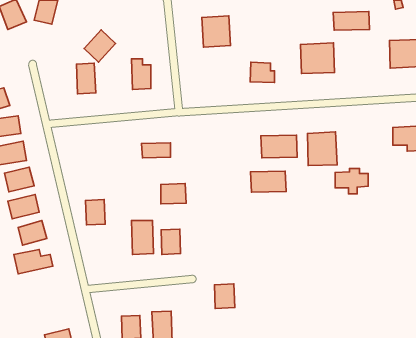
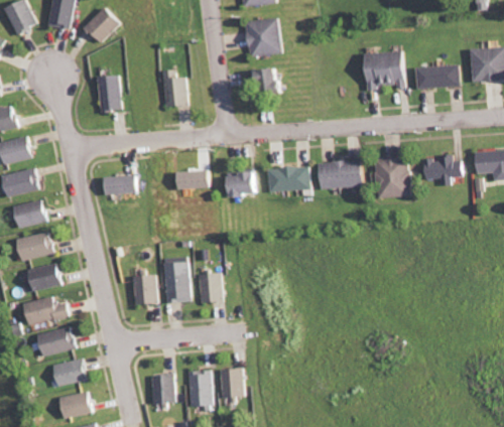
building: [333,12,370,30] -> [416,65,460,88]
building: [84,30,115,62] -> [84,6,121,44]
building: [250,62,275,83] -> [254,69,283,94]
building: none -> [102,175,136,194]
building: [335,168,368,194] -> [422,155,462,185]
building: [250,171,286,192] -> [266,166,308,191]
building: [161,184,186,204] -> [226,172,256,196]
building: [86,200,105,225] -> [133,275,156,305]
building: none -> [37,327,75,357]
building: [214,284,235,308] -> [220,369,244,398]
building: none -> [49,359,88,388]

